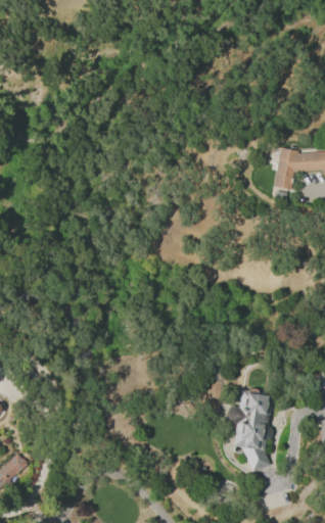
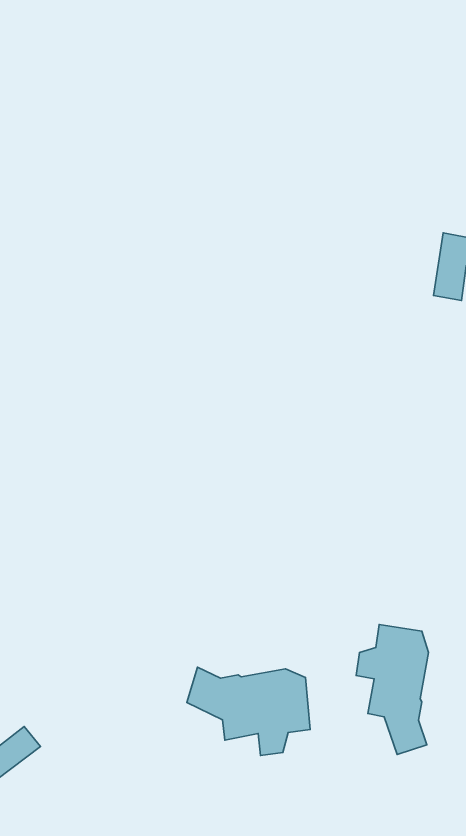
building: none -> [187,667,310,755]

